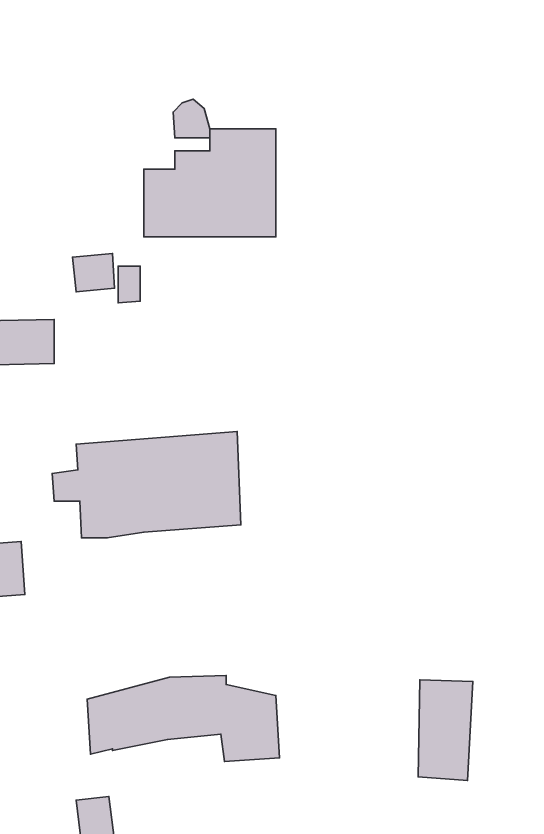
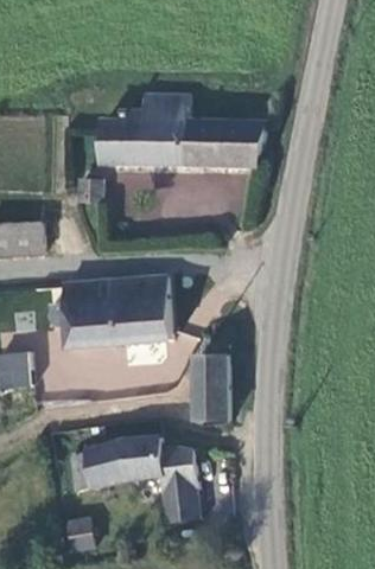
building: none -> [193,114,273,167]
building: [418,680,473,781] -> [193,360,229,426]
building: none -> [160,494,197,526]

